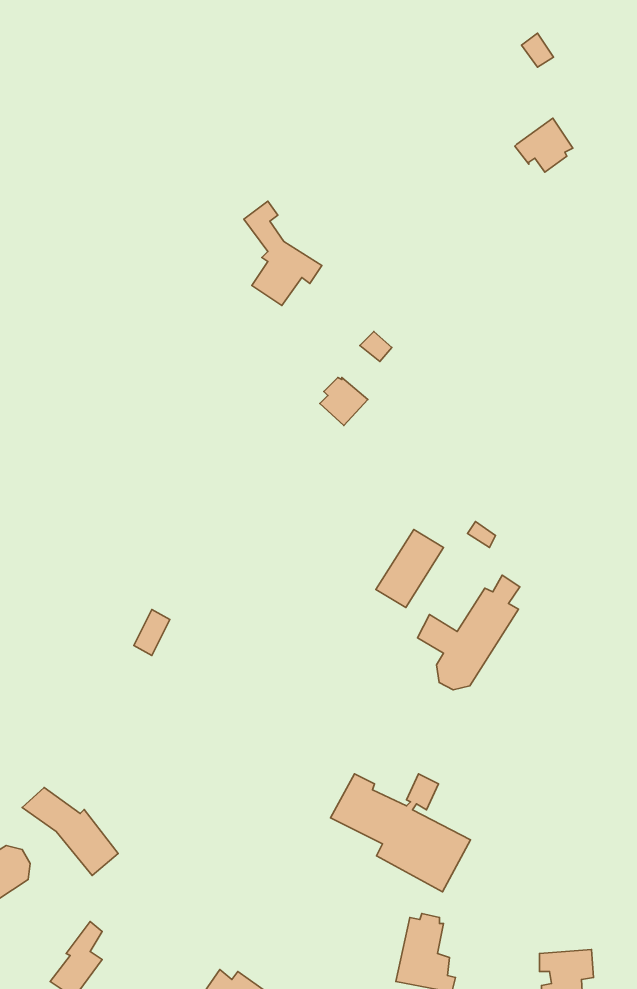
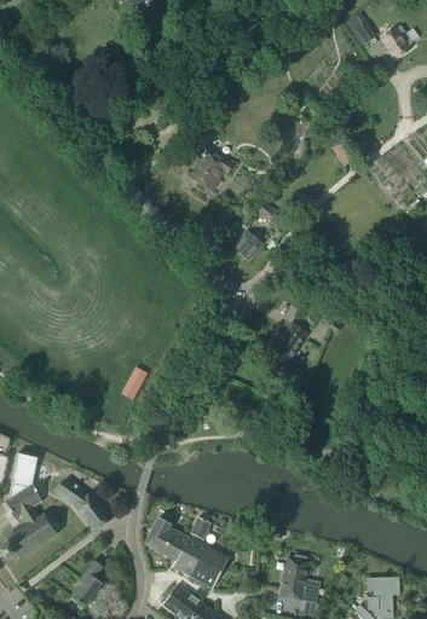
building: [515,118,573,172] -> [377,25,412,58]
building: [418,575,520,690] -> none
building: [331,774,470,892] -> [144,517,229,589]

